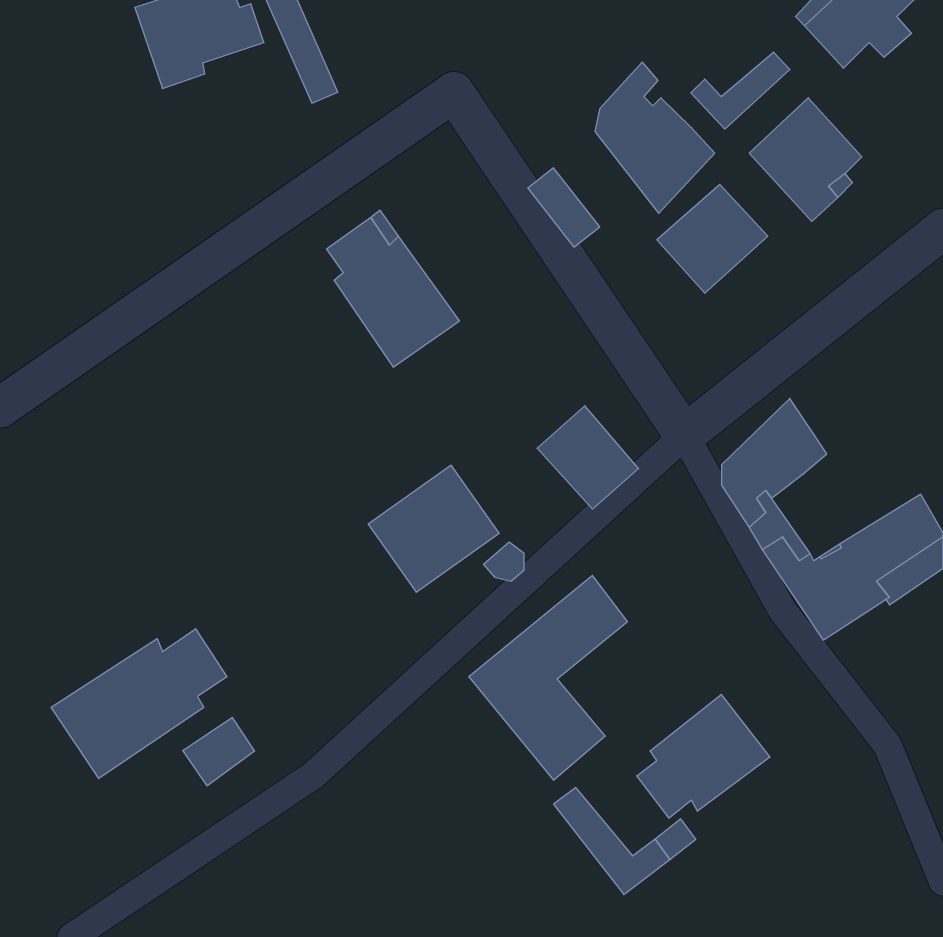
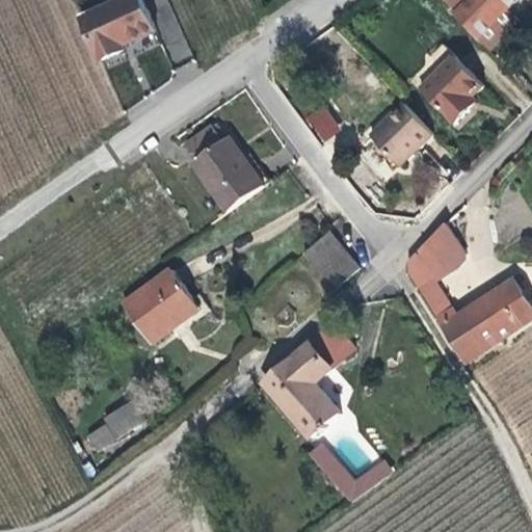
building: [691,52,790,129] -> none
building: [595,62,715,213] -> none
building: [368,465,499,592] -> [121,265,194,337]
building: [51,629,227,779] -> none
building: [637,694,770,818] -> none

